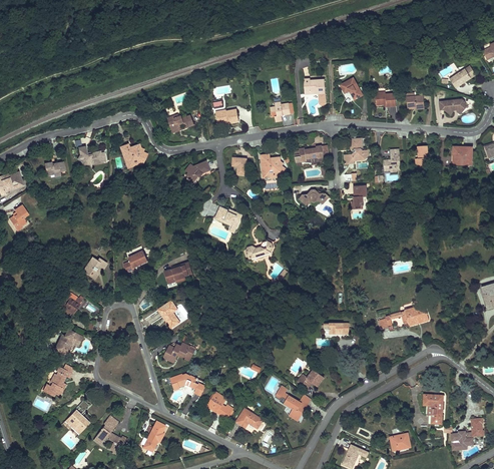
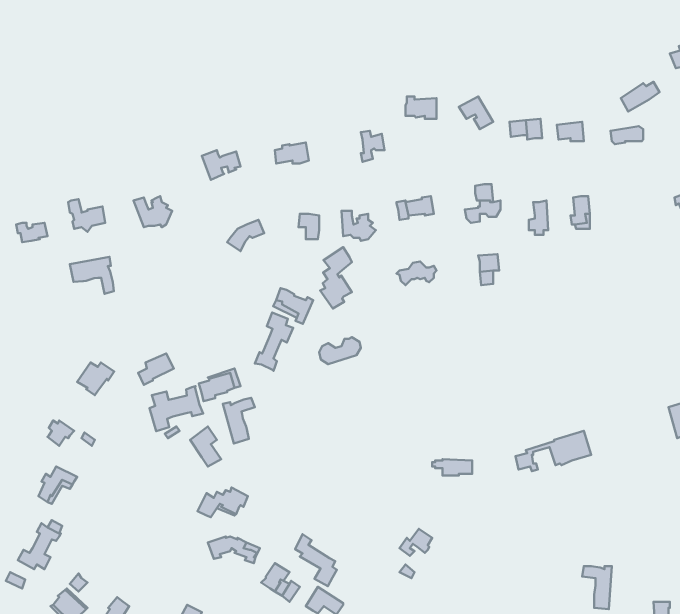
building: [452,145,472,164] -> none
building: none -> [320,247,352,308]
building: none -> [70,257,114,294]
building: none -> [255,313,293,371]
building: none -> [149,386,203,431]
building: none -> [223,398,255,444]
building: [276,386,304,421] -> [295,534,337,586]

